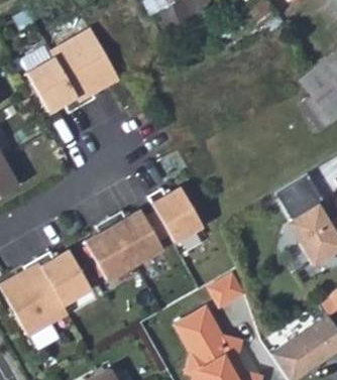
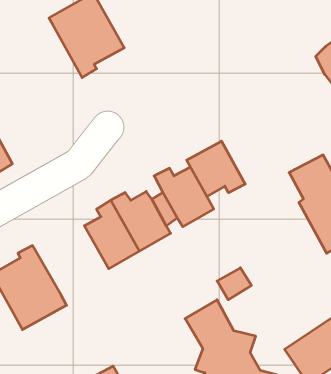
building: [28,57,84,114] -> none
building: none -> [187,141,245,197]
building: [38,250,93,305] -> none

